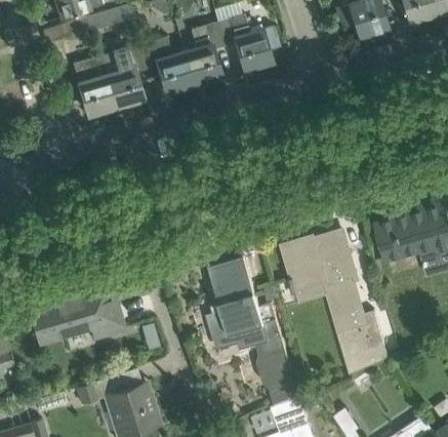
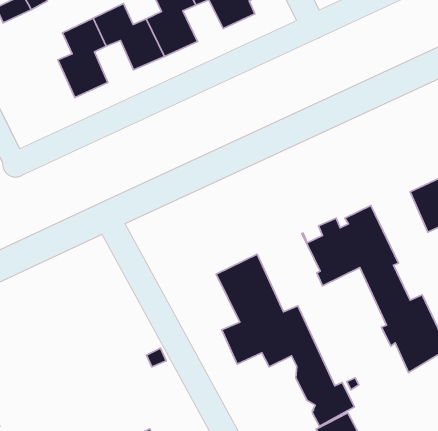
building: [73,56,115,116] -> none
building: [29,281,123,344] -> none

